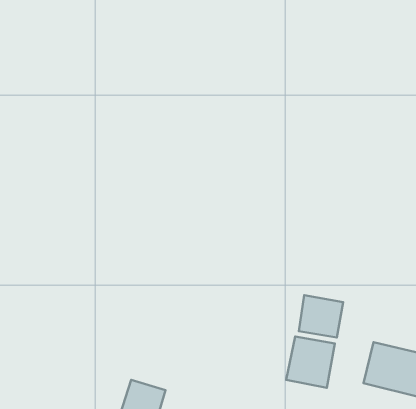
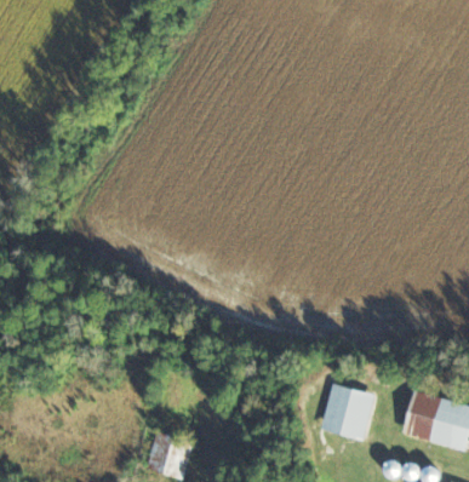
building: [299,295,343,338] -> none

